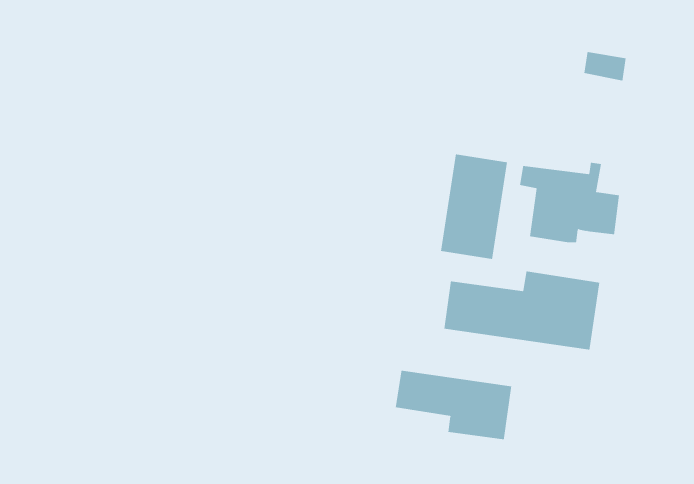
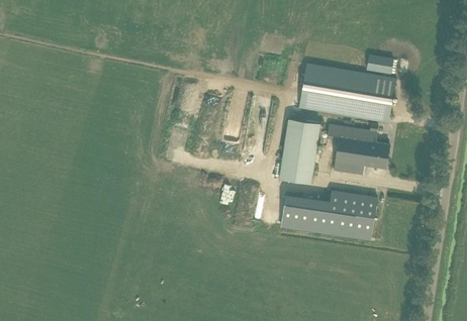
building: none -> [299,64,395,121]
building: [395,370,512,440] -> none

